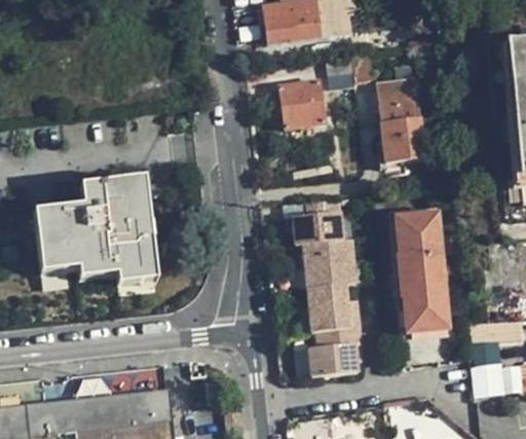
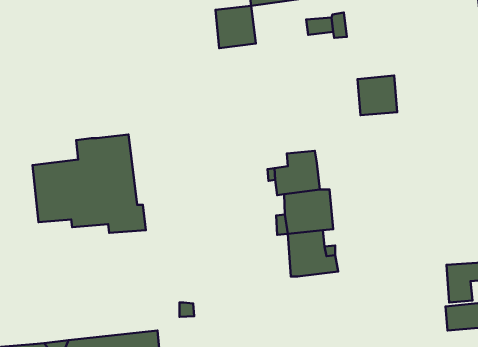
building: [376,79,419,122] -> none
building: [280,82,324,127] -> [215,6,256,48]
building: [392,213,448,336] -> none
building: [307,327,361,377] -> none

